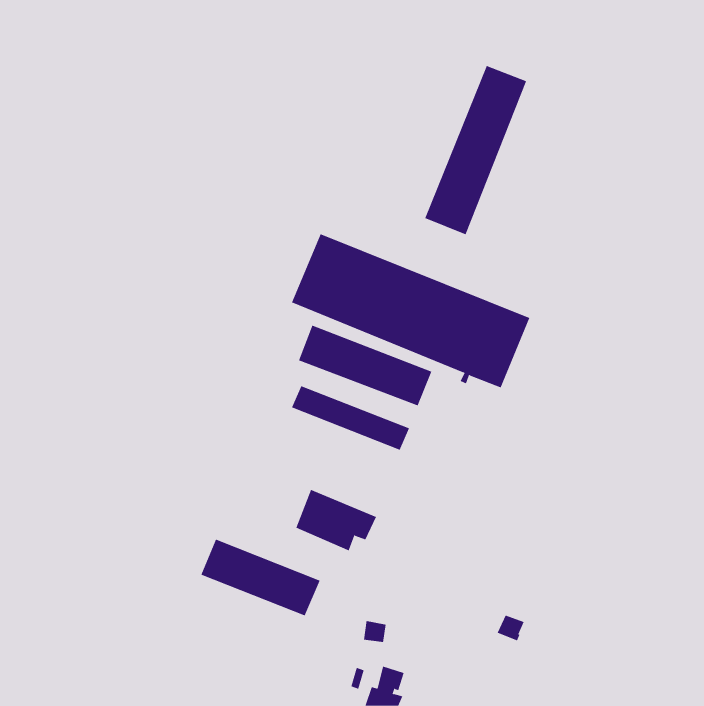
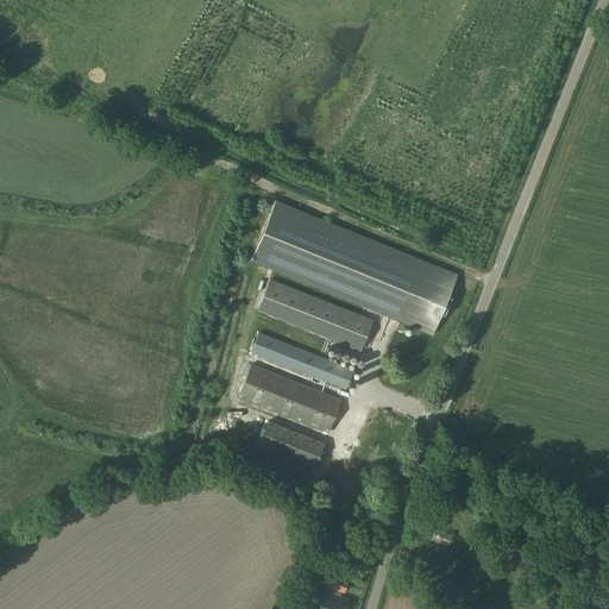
building: [424,65,527,235] -> none
building: [200,539,320,616] -> [239,364,343,431]

